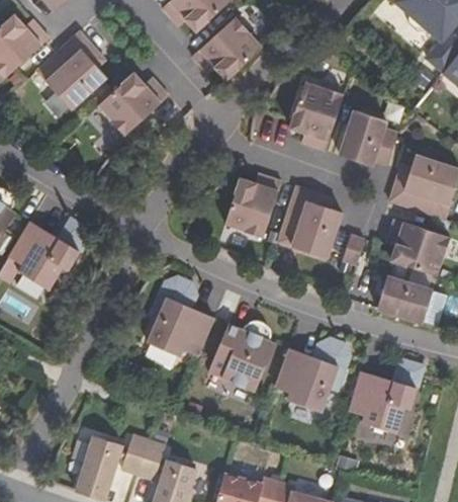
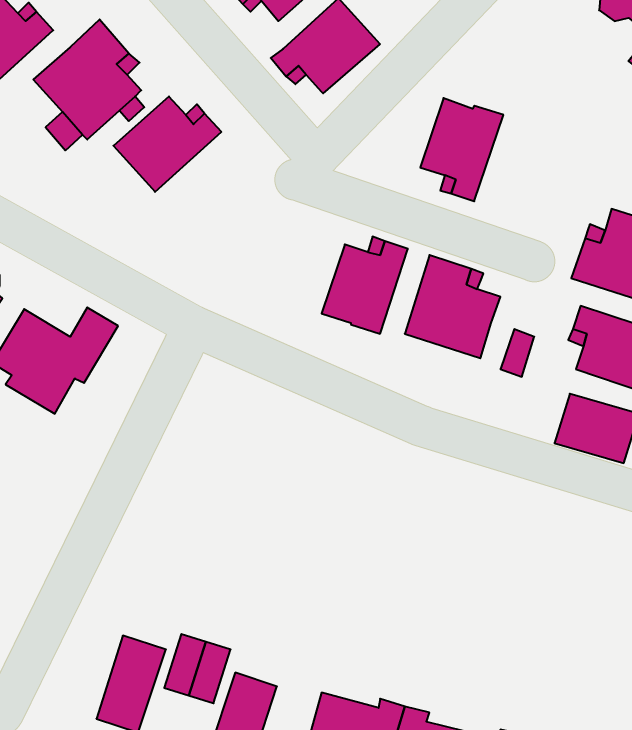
building: [340,109,397,165] -> none
building: [146,277,213,356] -> none
building: [207,321,274,392] -> none
building: [275,339,349,412] -> none
building: [349,359,423,432] -> none

